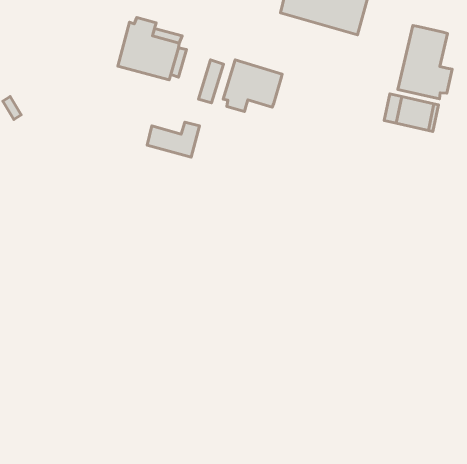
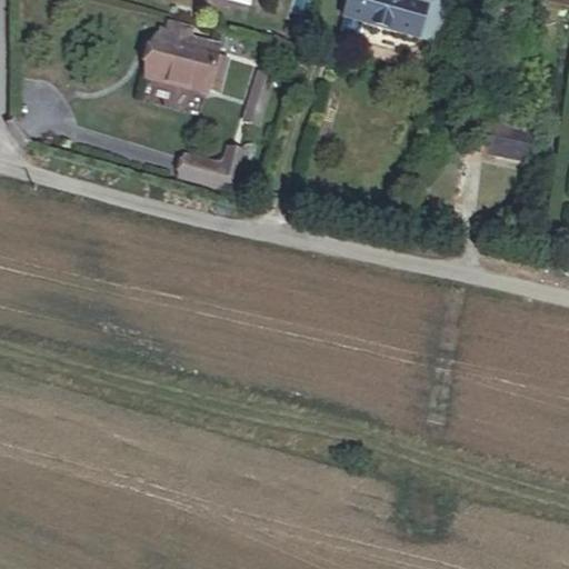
building: [398,26,452,99] -> none
building: [223,60,282,111] -> none

